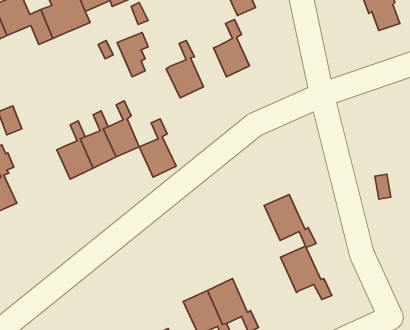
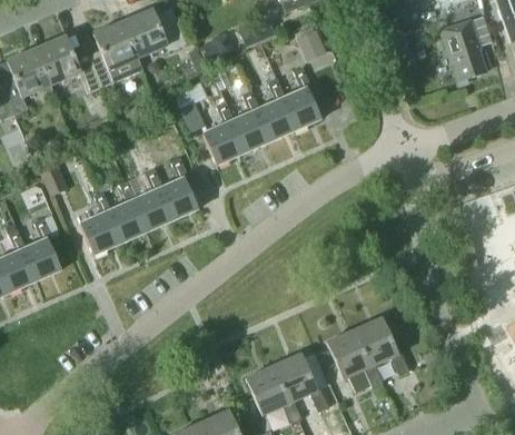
building: none -> [252,77,293,140]
building: [139,119,176,177] -> [200,100,241,165]
building: none -> [79,189,119,254]
building: [264,194,316,247] -> [325,329,383,388]

